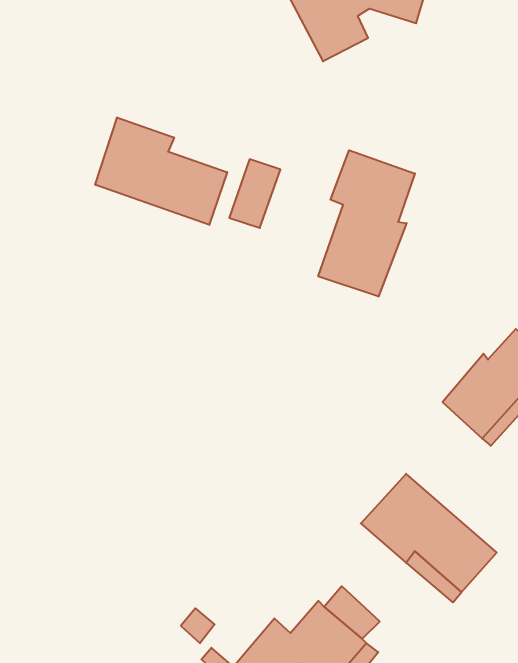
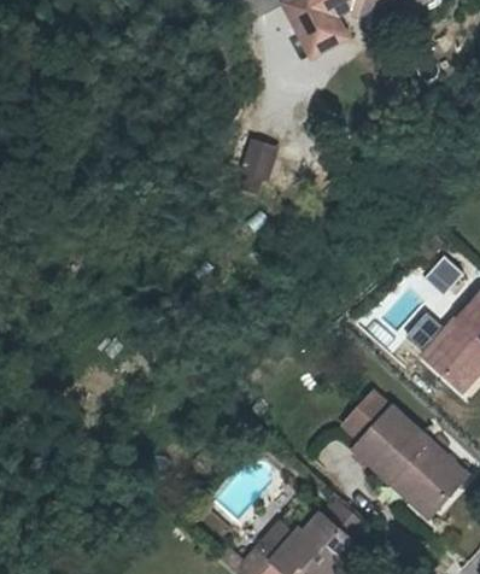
building: [95,117,227,225] -> none
building: [318,150,415,297] -> none

